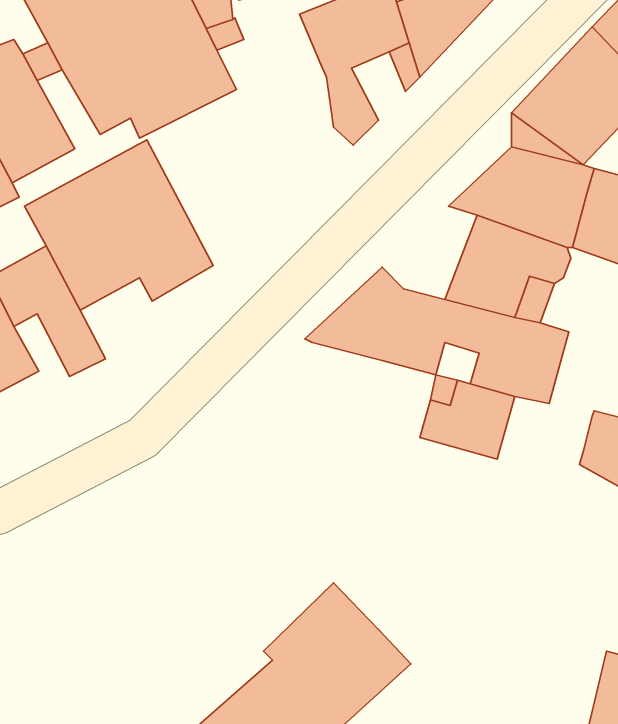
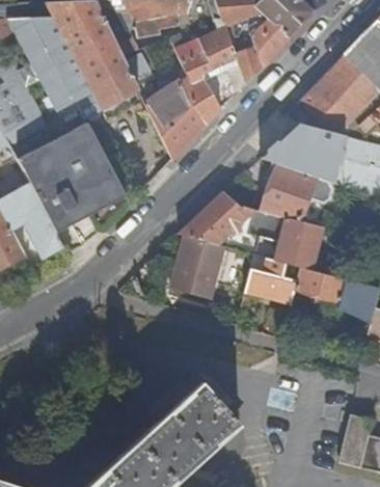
building: none -> [147,77,207,158]
building: none -> [169,238,223,300]
building: none -> [294,269,345,301]

